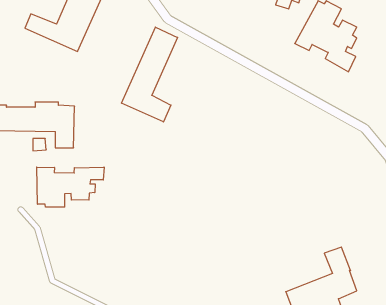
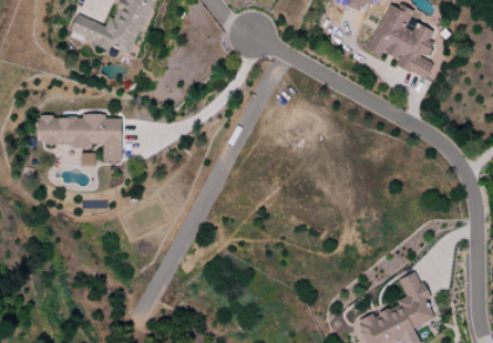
building: [122,27,178,122] -> none
building: [37,167,104,207] -> none

